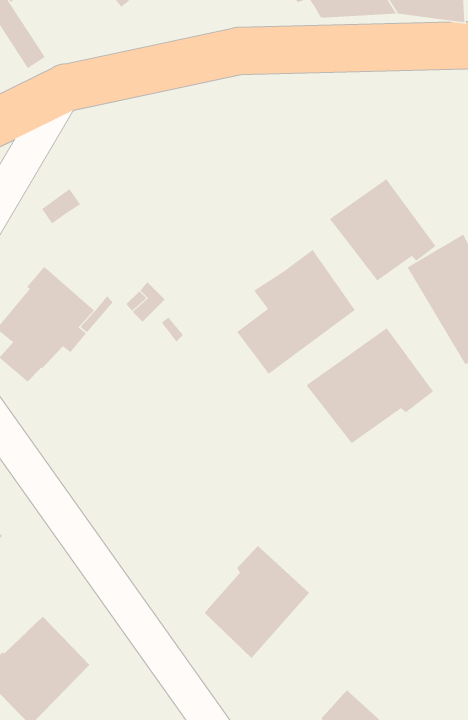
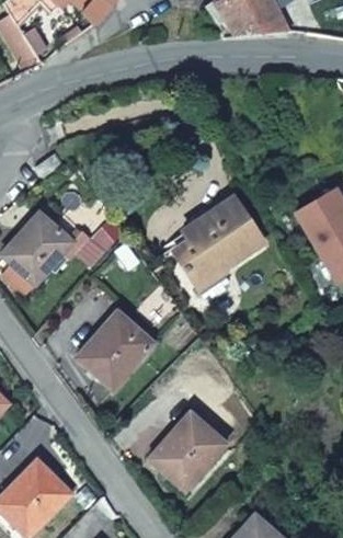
building: [329,178,437,281] -> none
building: [305,327,434,444] -> none
building: none -> [79,307,156,388]

